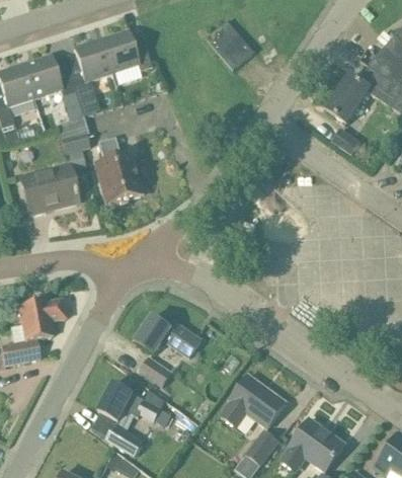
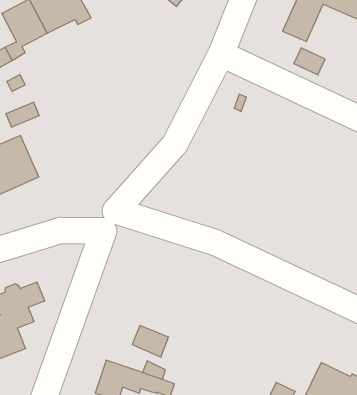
building: [95,136,140,204] -> none
building: [135,314,192,352] -> none
building: [221,374,286,426] -> none

